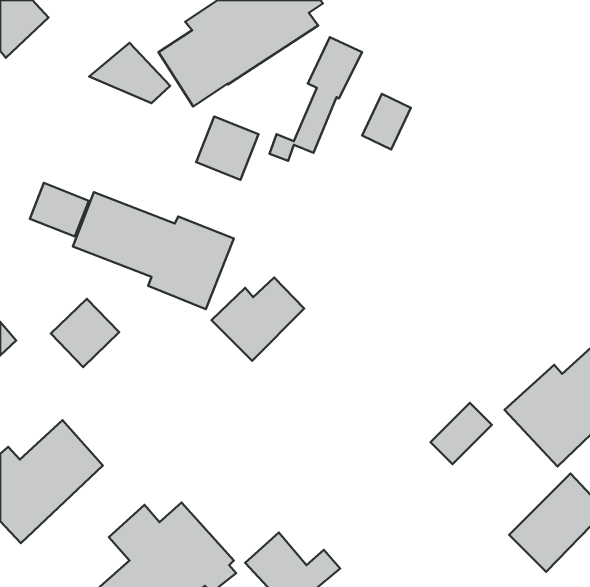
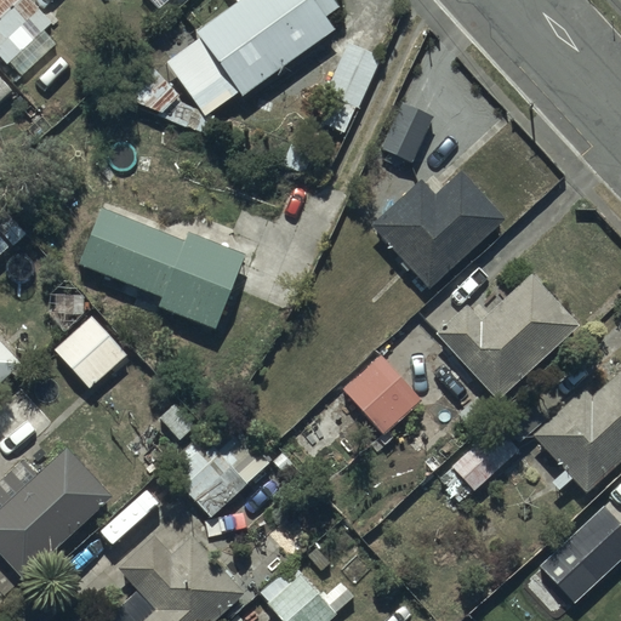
building: [196,116,259,180] -> none
building: none -> [372,169,505,286]
building: [30,183,89,237] -> none
building: none -> [435,275,576,399]
building: [212,277,304,361] -> [170,429,267,517]
building: none -> [344,355,421,433]

